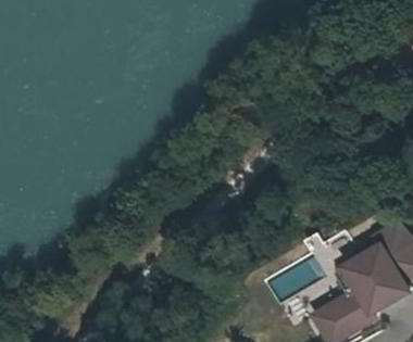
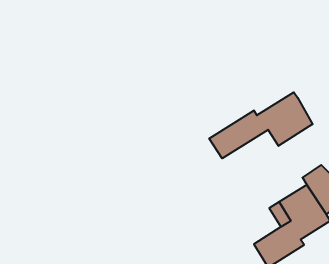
building: none -> [209,92,313,158]

